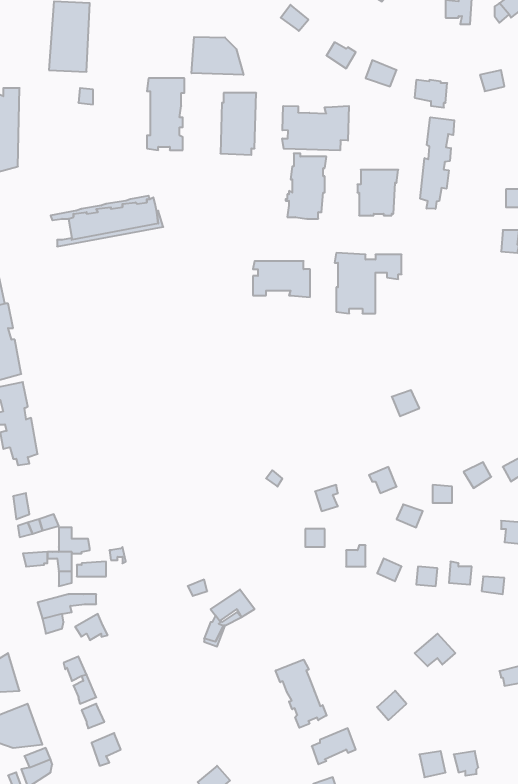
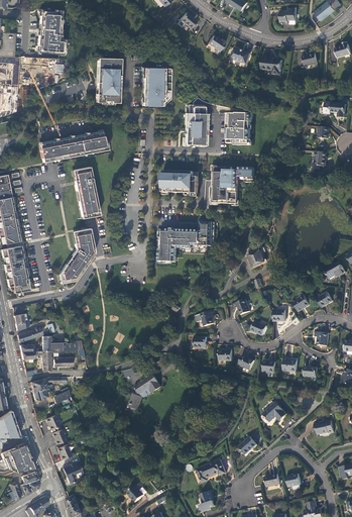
building: [192,37,243,75] -> none
building: [282,106,349,150] -> none
building: [420,117,454,209] -> none
building: none -> [73,167,98,218]
building: none -> [160,221,216,261]
building: none -> [58,228,94,284]
building: [276,660,327,728] -> none

